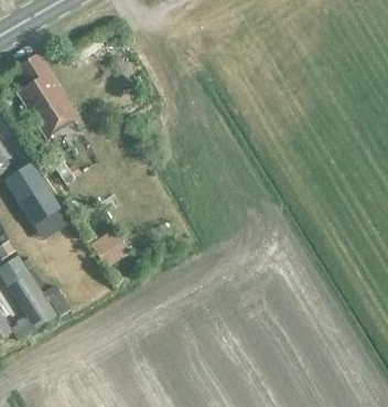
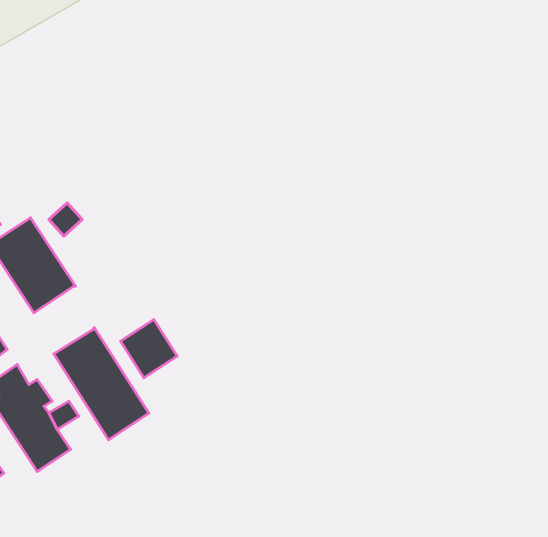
building: [20,54,77,136] -> none
building: none -> [54,327,149,440]

